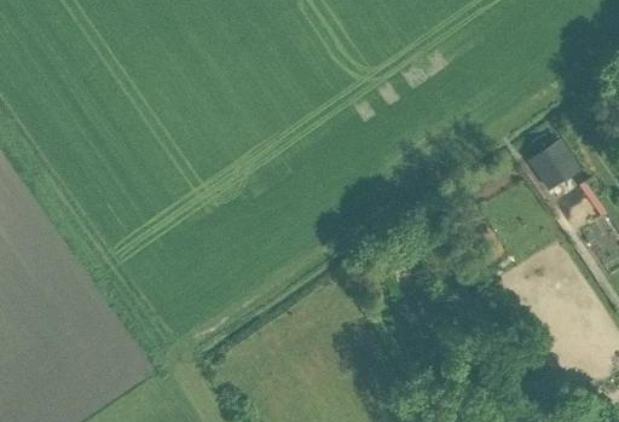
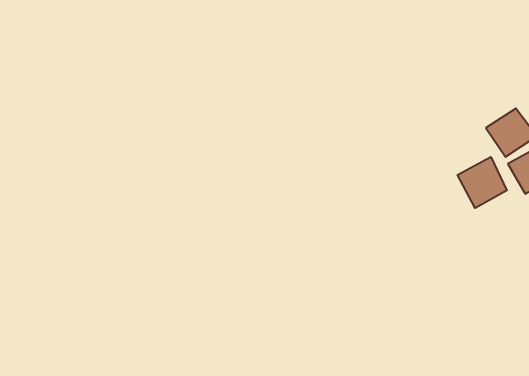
building: none -> [457,157,507,208]

